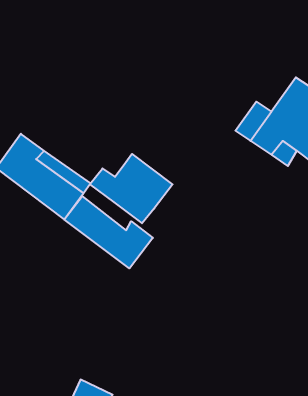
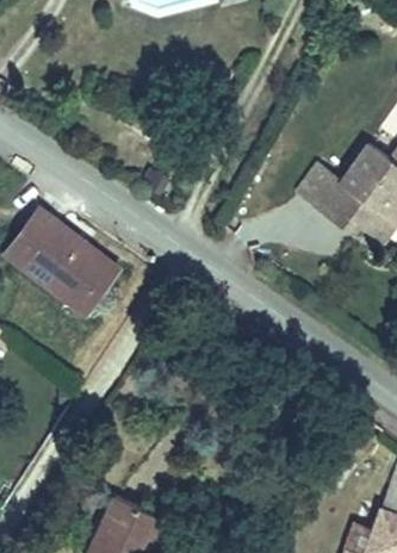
building: [90,154,173,223] -> none
building: [64,196,153,268] -> none

